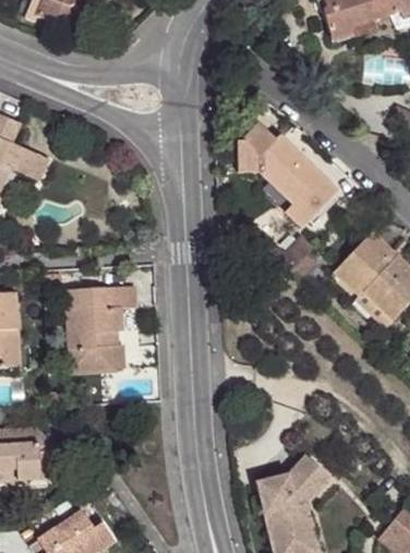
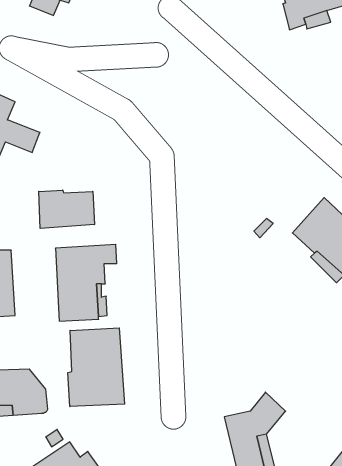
building: [237,124,337,228] -> none
building: none -> [39,190,94,228]
building: none -> [68,328,125,407]

